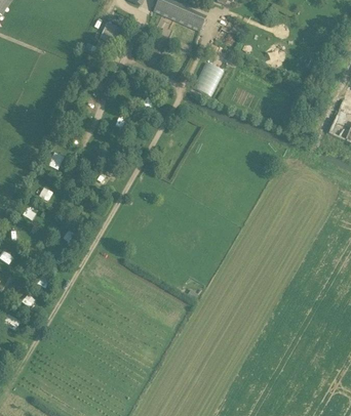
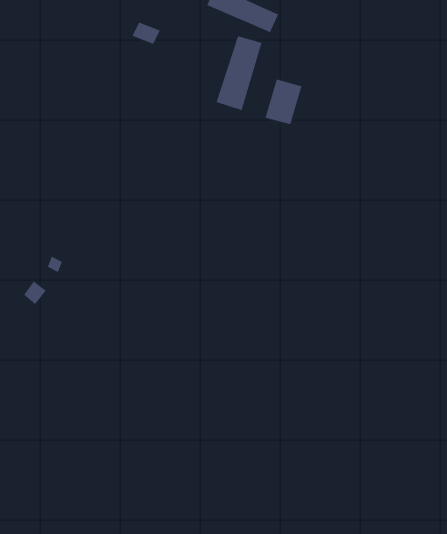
building: none -> [216,35,263,111]

